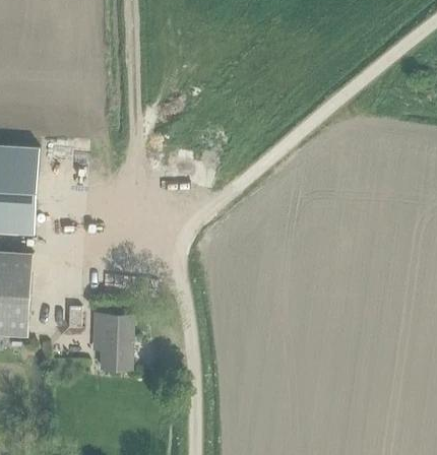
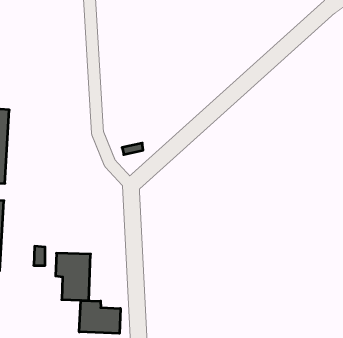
building: none -> [79,300,120,333]

